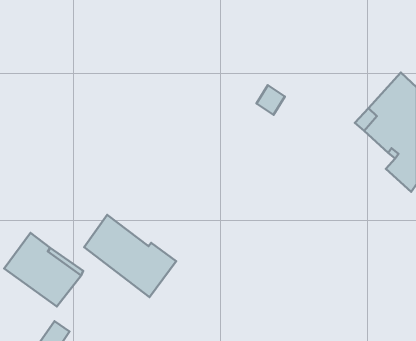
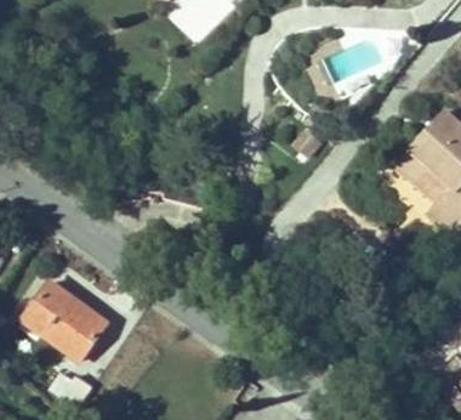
building: [84,215,176,297] -> none

